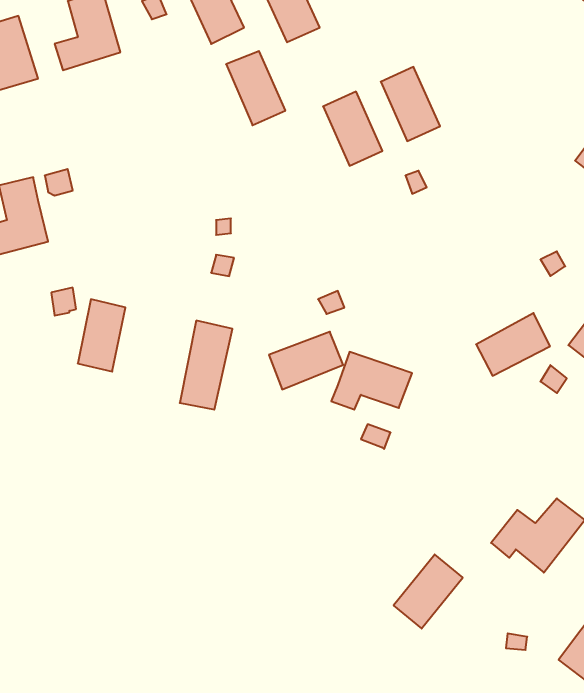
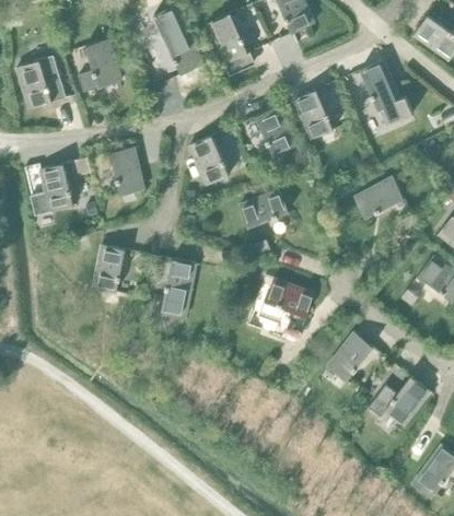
building: none -> [360,61,411,125]
building: [226,51,285,125] -> [189,137,229,186]
building: none -> [109,148,142,196]
building: [476,313,550,376] -> [353,177,403,219]
building: [269,332,343,389] -> [238,190,288,228]
building: [394,554,463,629] -> [326,332,372,382]

